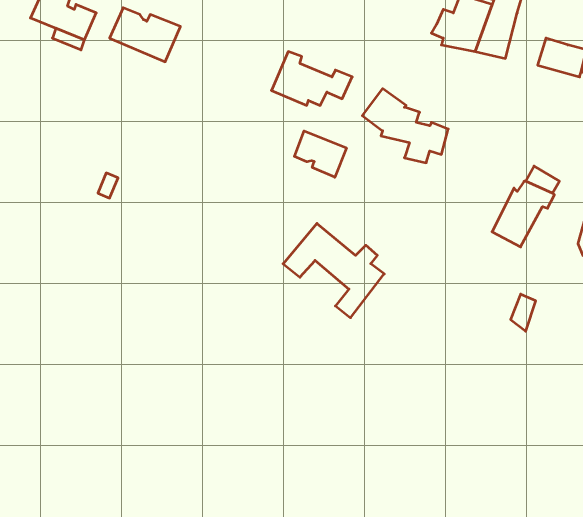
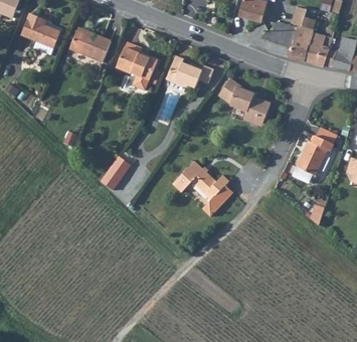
building: none -> [305,33,332,64]
building: none -> [117,44,157,90]
building: [294,131,346,177] -> none
building: none -> [101,155,131,190]

